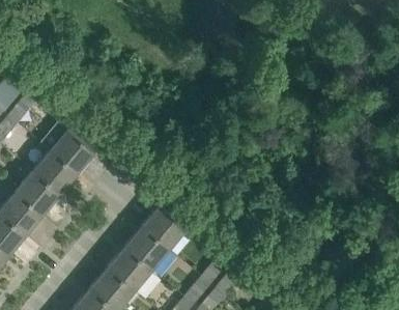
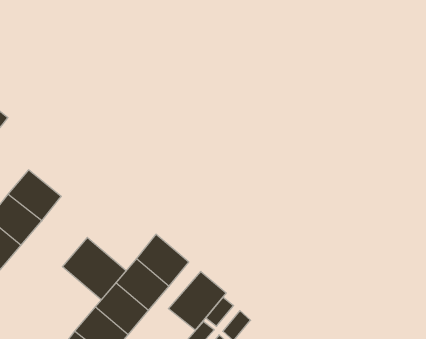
building: [47,133,92,177] -> none
building: none -> [62,237,126,300]
building: none -> [168,271,226,330]

